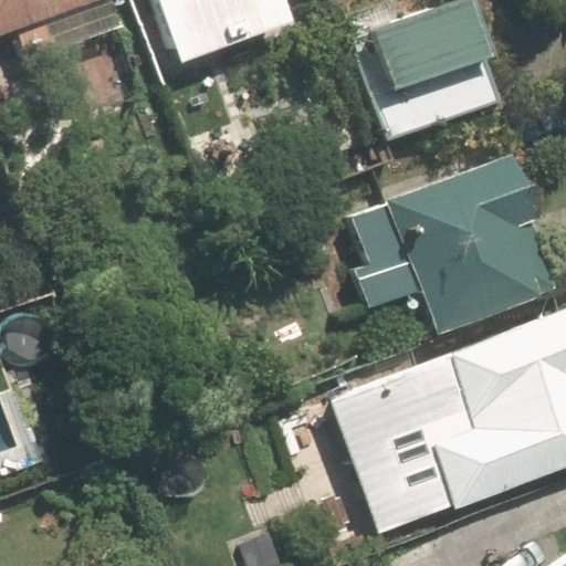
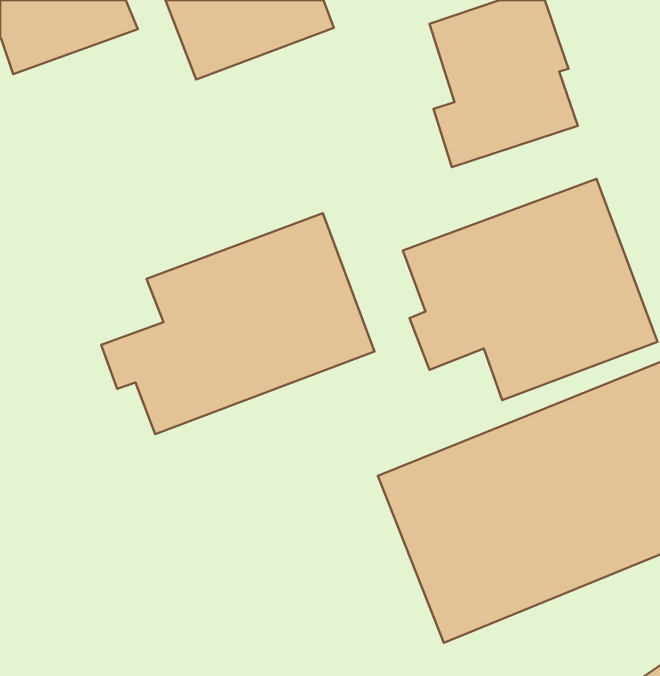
building: none -> [101,213,375,434]

